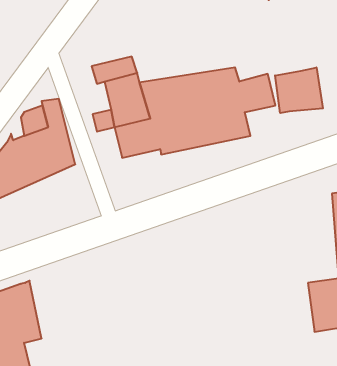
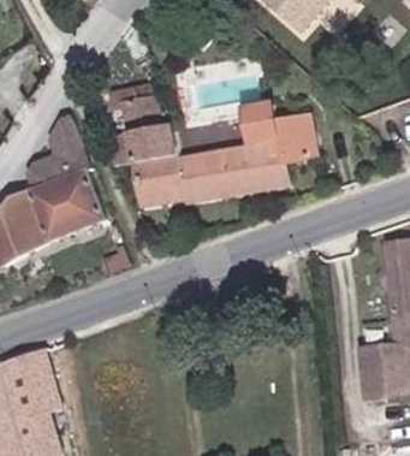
building: [275,67,323,113] -> none

